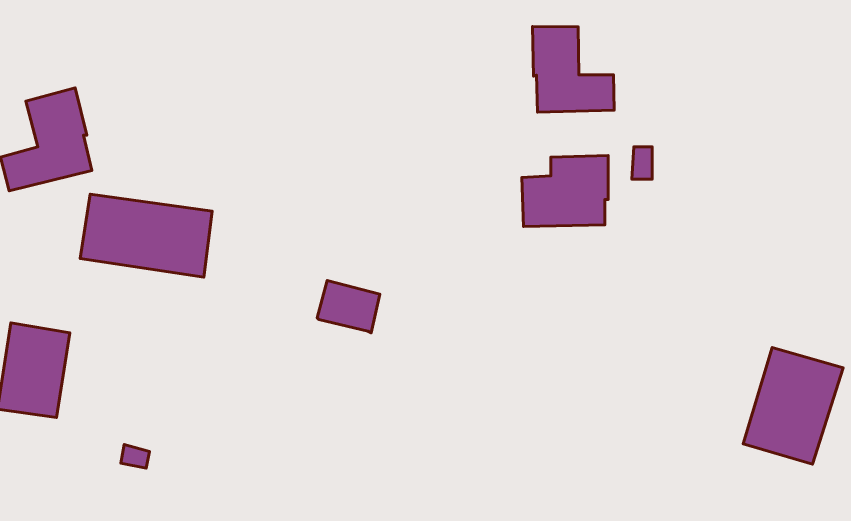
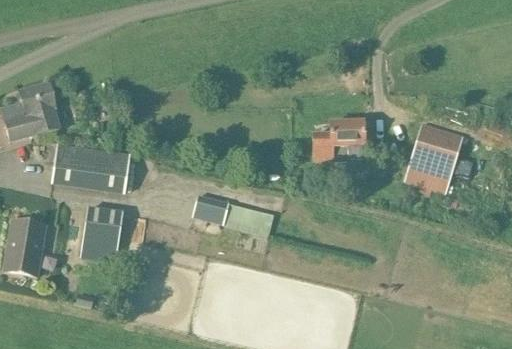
building: [532,27,614,112] -> none
building: none -> [80,207,122,261]
building: [743,347,843,464] -> [405,122,464,191]

